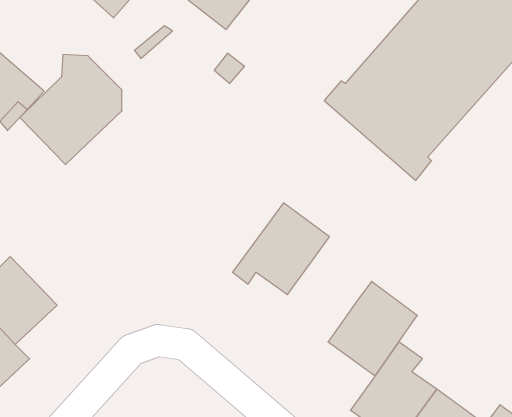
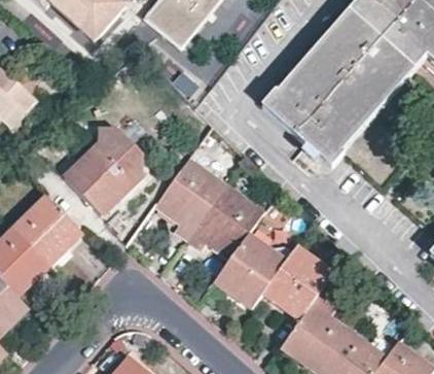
building: [20,54,122,165] -> [65,128,145,214]
building: none -> [157,157,228,238]
building: none -> [13,193,84,264]
building: none -> [214,233,286,308]

